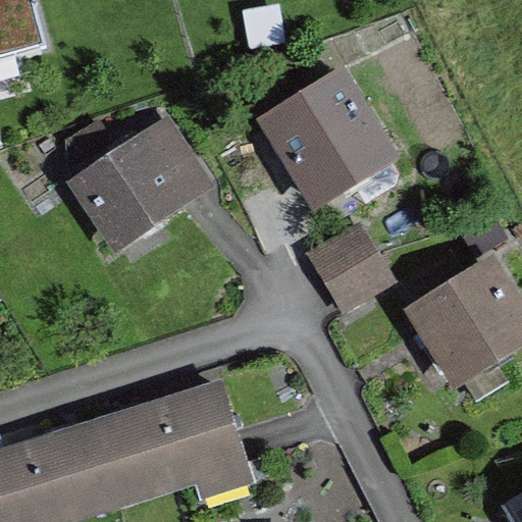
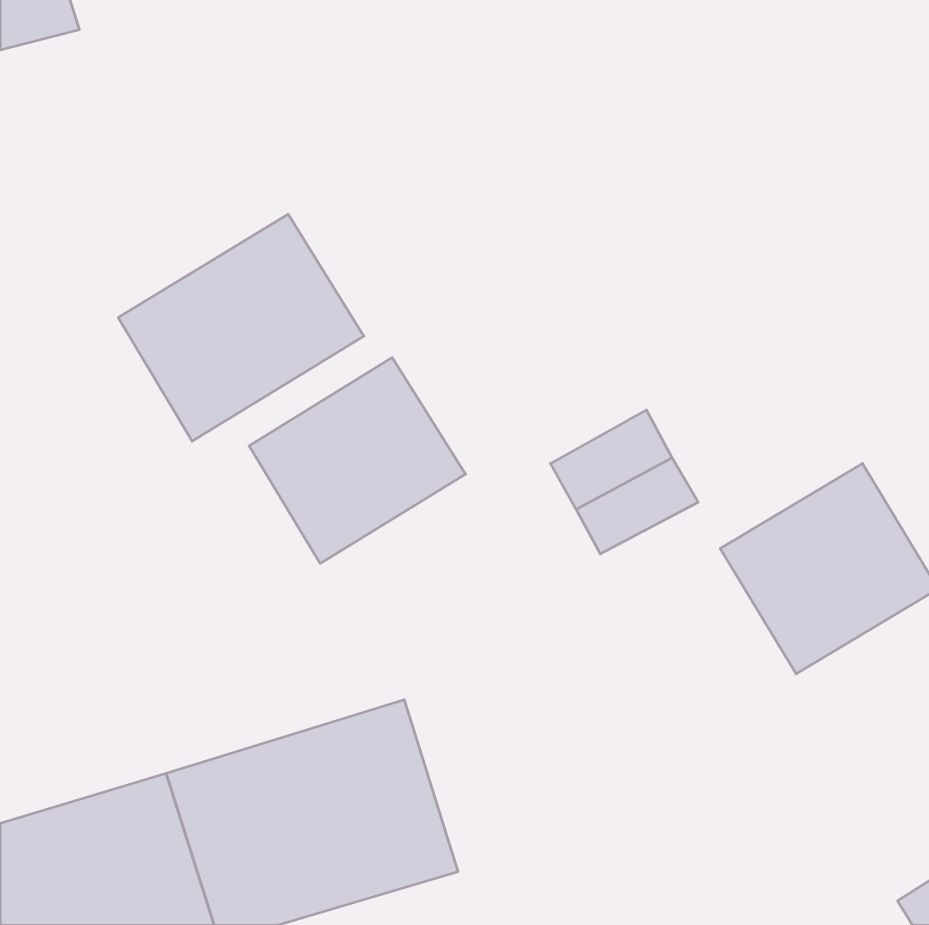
building: [253,66,393,208] -> none
building: none -> [249,358,466,563]

